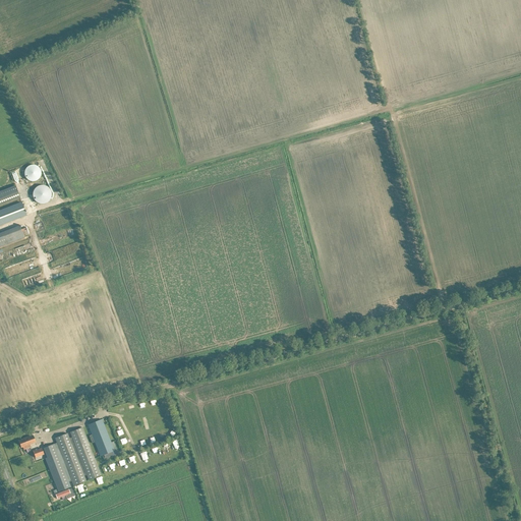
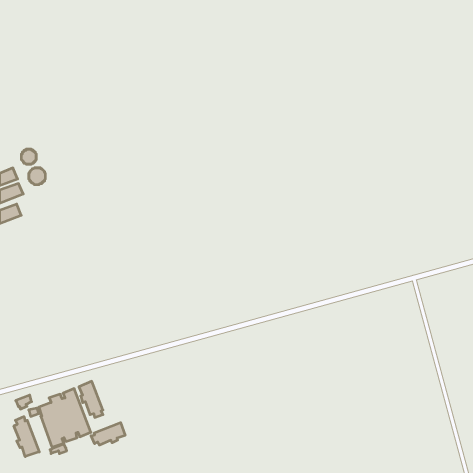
building: none -> [14,417,39,457]
building: none -> [91,423,125,445]

